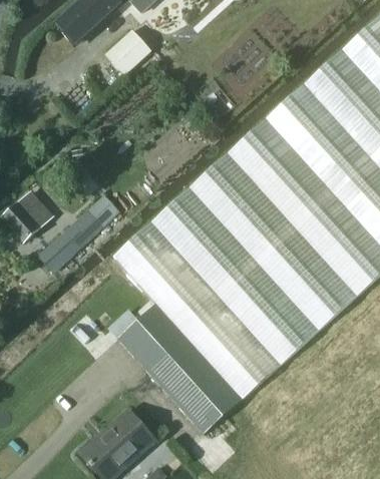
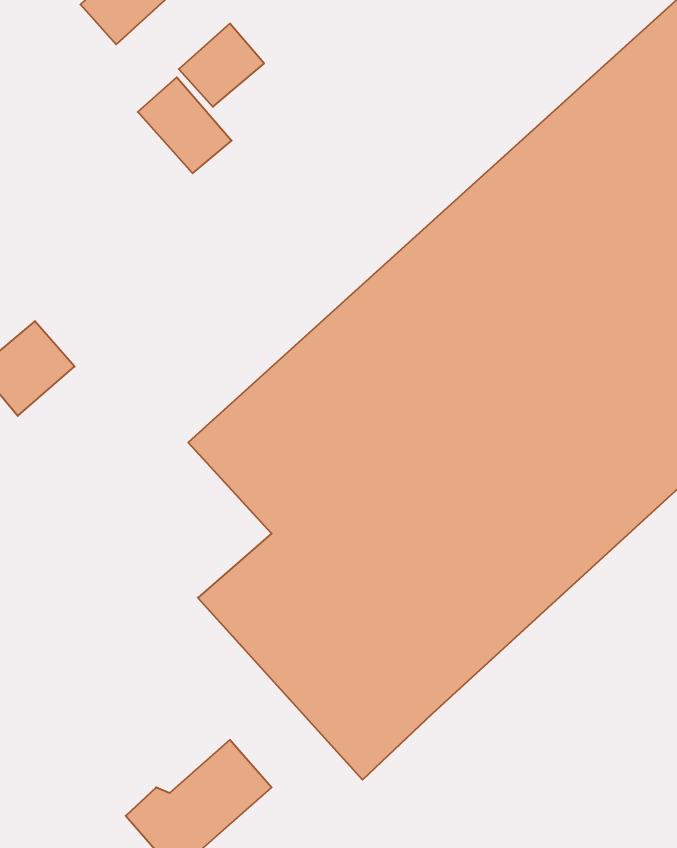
building: none -> [138,77,232,173]
building: [38,195,119,271] -> none

